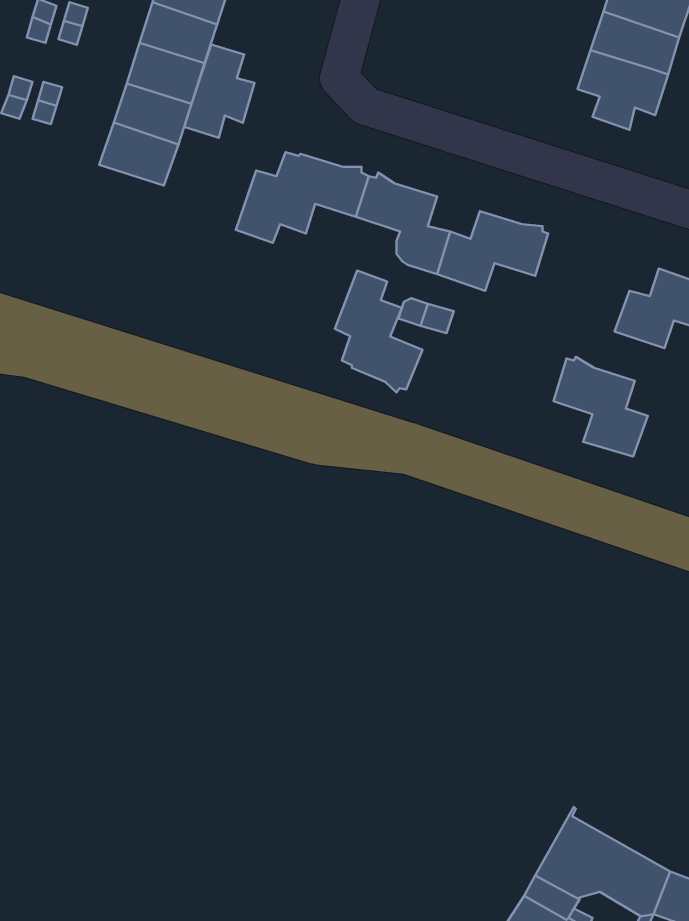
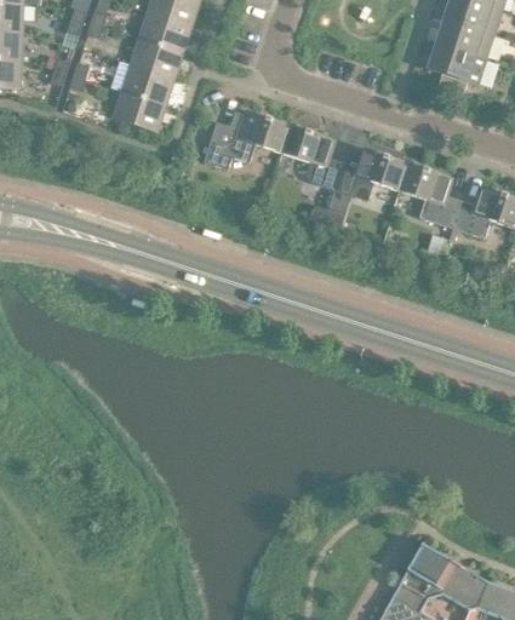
building: [184,45,255,138] -> none
building: [335,270,422,392] -> none
building: [554,357,648,457] -> [399,162,460,228]

